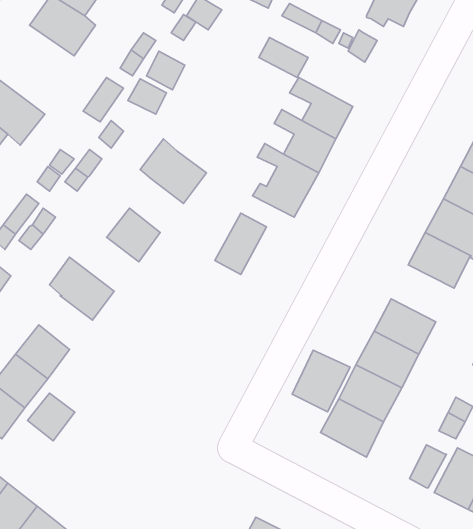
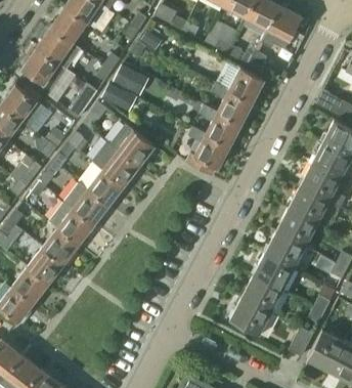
building: none -> [21,48,65,95]
building: none -> [228,69,262,102]
building: none -> [102,150,138,186]
building: [215,213,267,274] -> none
building: none -> [62,182,108,225]
building: none -> [276,208,318,246]
building: none -> [42,228,78,264]
building: [292,350,350,412] -> none
building: [27,393,75,441] -> none

